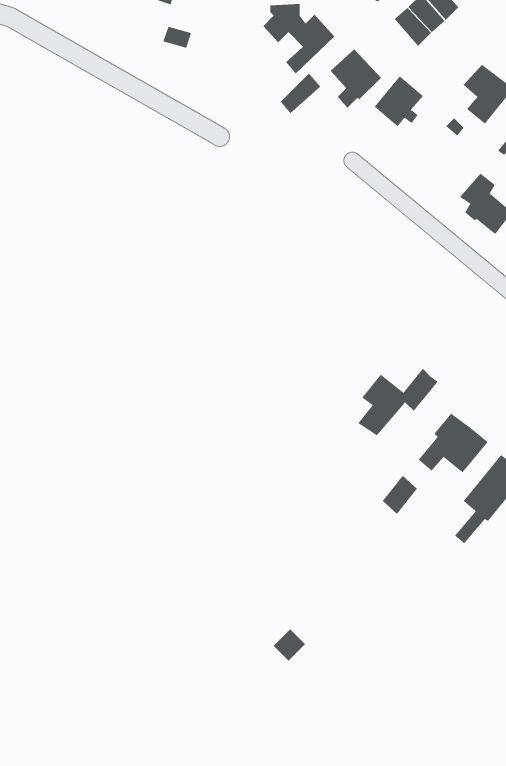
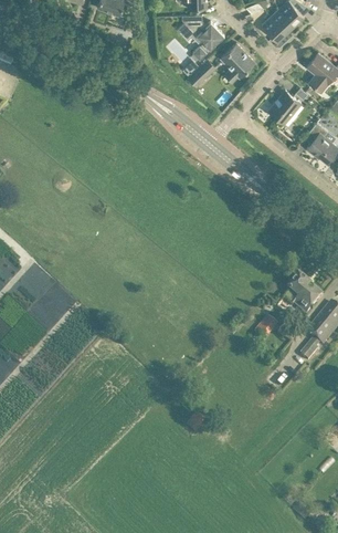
building: [374,75,424,127] -> [267,91,299,124]
building: [358,368,438,436] -> none

